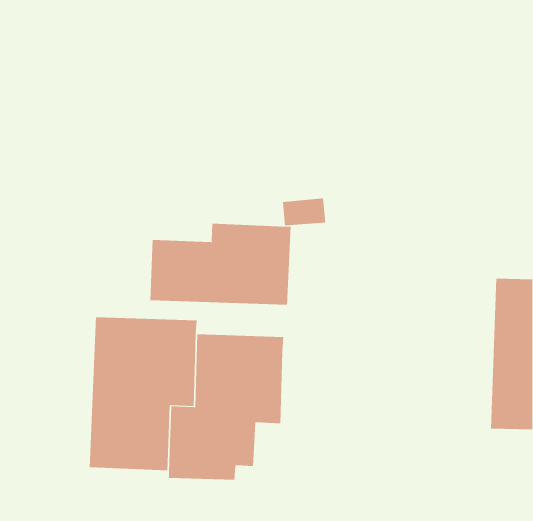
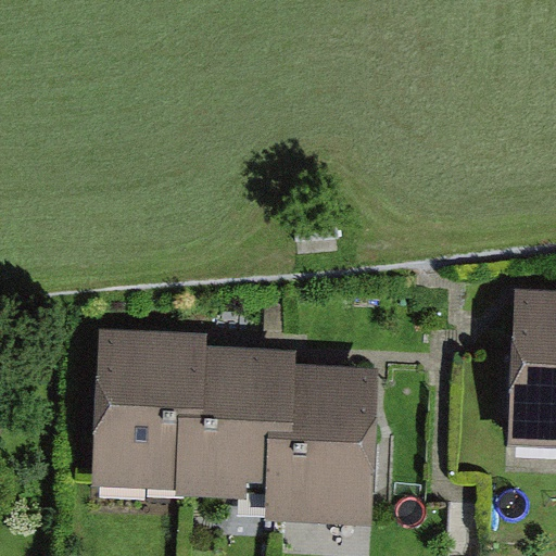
building: [150,223,291,306] -> none
building: none -> [263,365,378,523]

